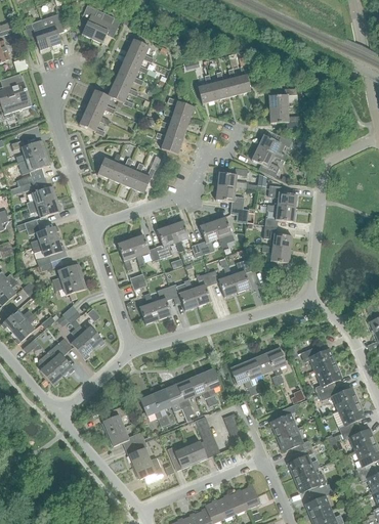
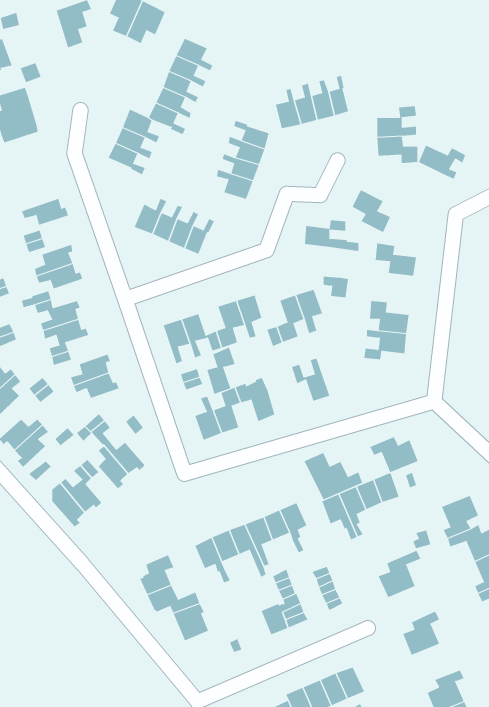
building: [24,19,49,49] -> none
building: [257,134,291,159] -> [418,145,466,179]
building: [10,139,43,162] -> none
building: [215,185,244,209] -> none
building: [264,204,295,226] -> none
building: [229,259,250,293] -> none
building: [192,272,212,306] -> [207,347,235,394]
building: none -> [304,452,363,500]
building: [300,346,335,372] -> [369,437,419,473]
building: [277,428,310,453] -> none
building: [166,445,194,470] -> none
building: [132,457,163,482] -> none
building: [293,468,328,494] -> none

